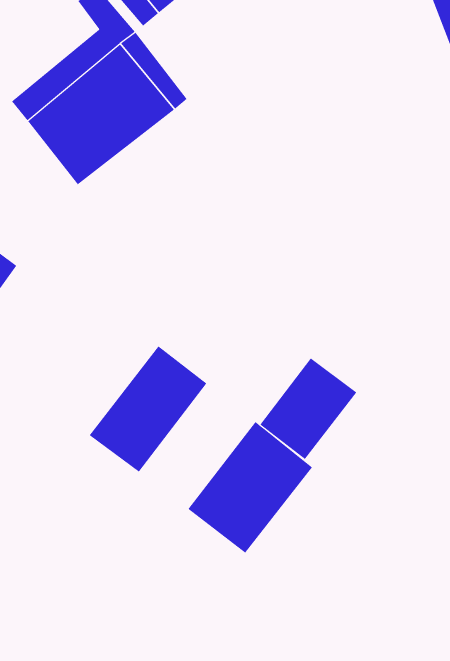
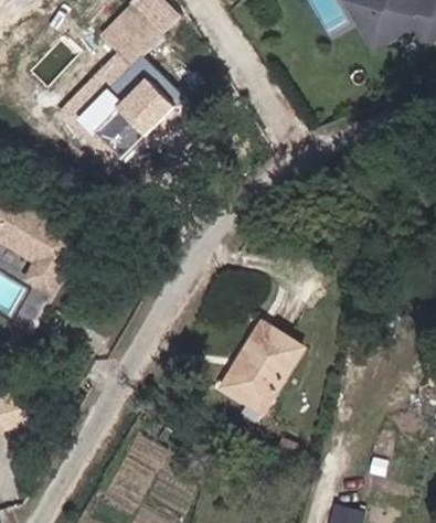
building: [89,345,207,473] -> none
building: [259,357,357,460] -> none

